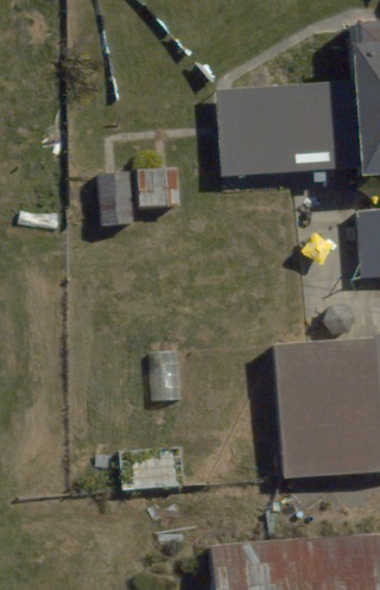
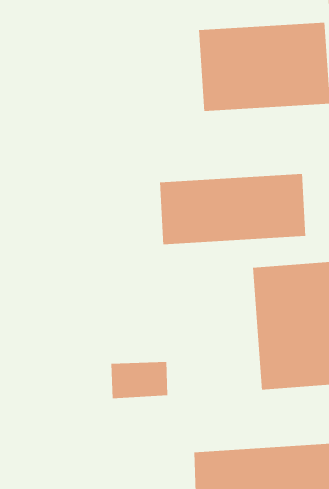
building: none -> [160,173,306,245]

